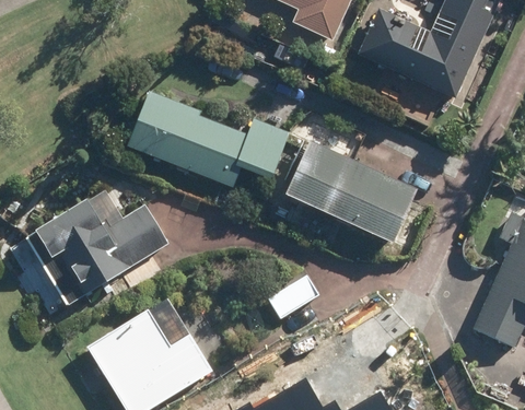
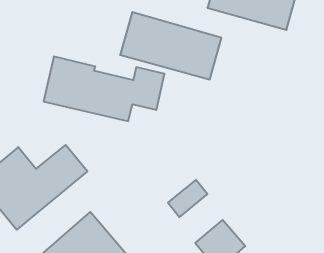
building: [283,139,417,241] -> [120,12,221,80]

